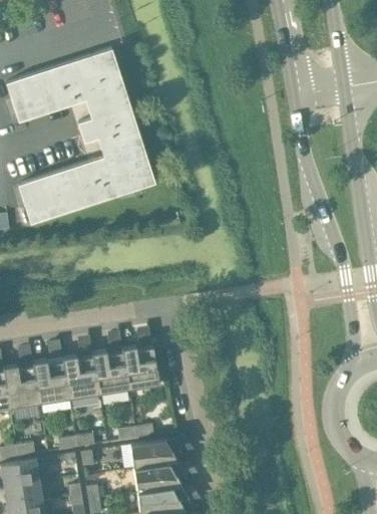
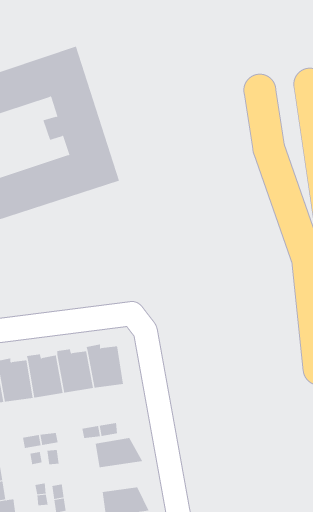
building: [134,464,182,493] -> none

